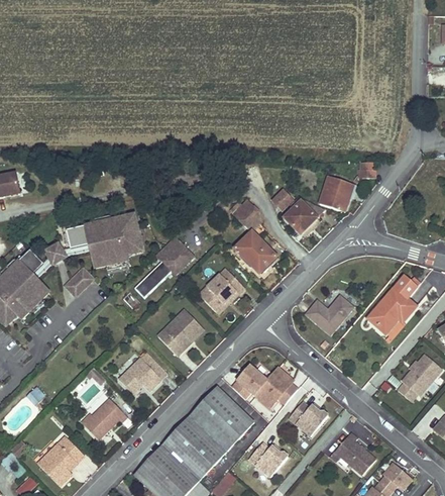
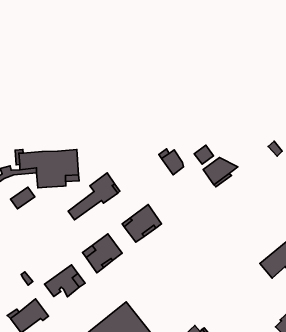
building: [319,176,353,211] -> none
building: [235,231,276,277] -> none
building: [306,296,353,334] -> none
building: [231,363,300,409] -> none

